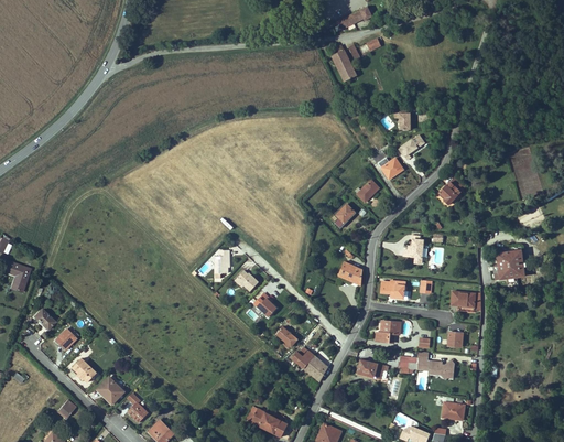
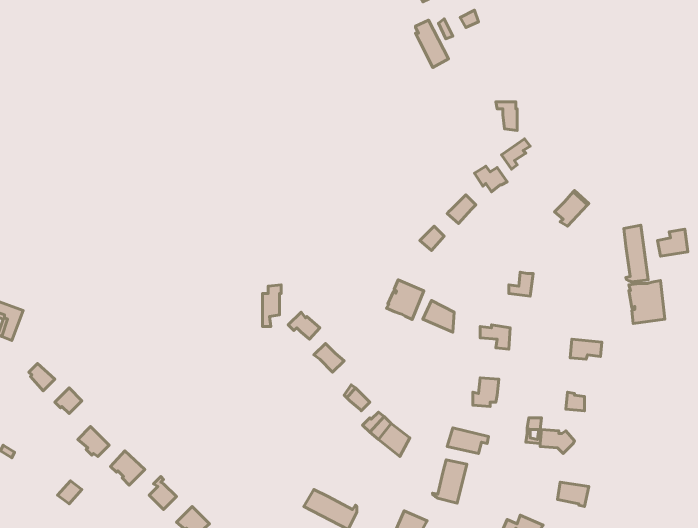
building: none -> [624,225,648,282]
building: none -> [387,280,424,319]
building: none -> [433,460,467,503]

